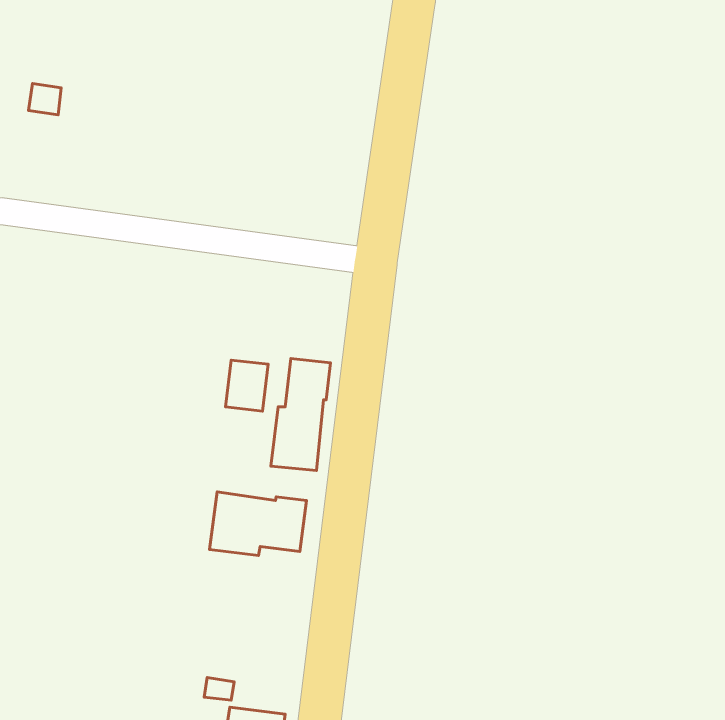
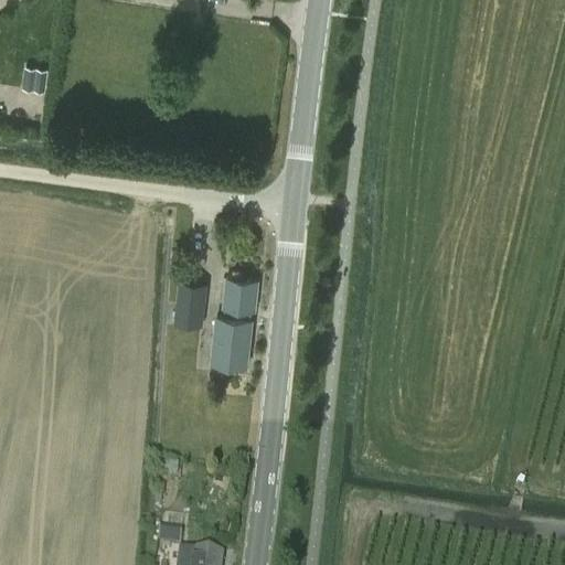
building: [209,492,306,556] -> none

